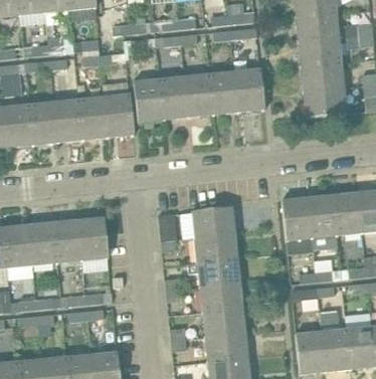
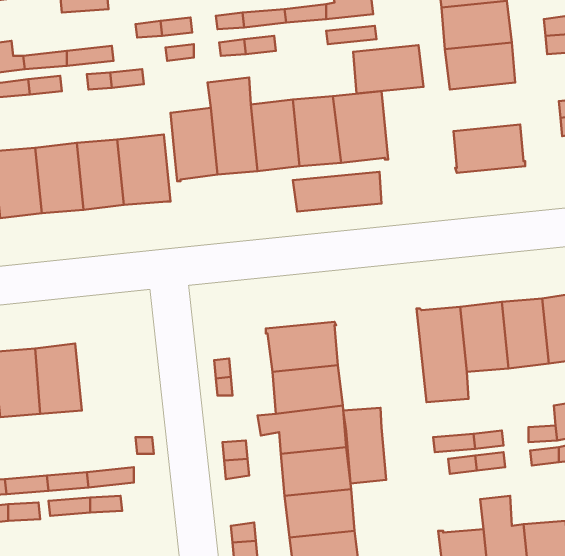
building: [302,62,344,91] -> [353,45,423,94]
building: none -> [293,172,381,212]
building: [76,216,109,259] -> none
building: none -> [343,408,386,484]

